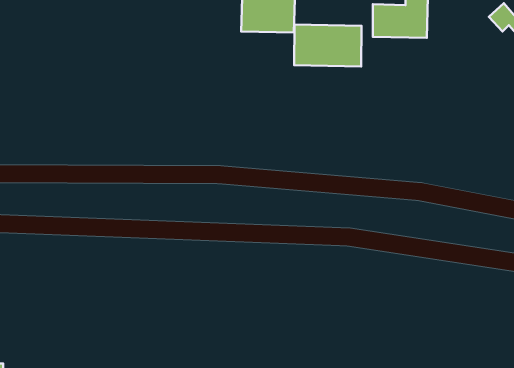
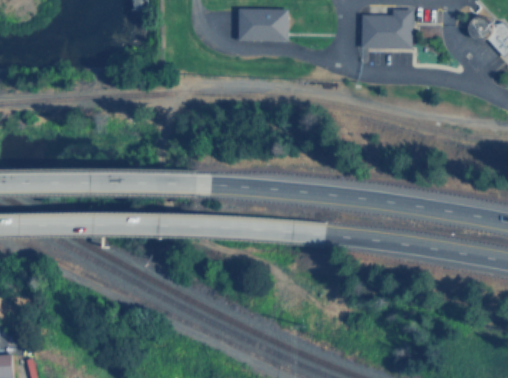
building: [294,24,361,67] -> none

